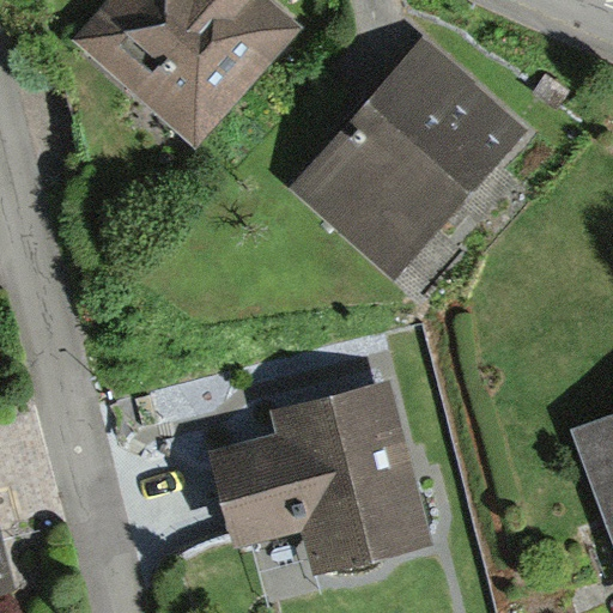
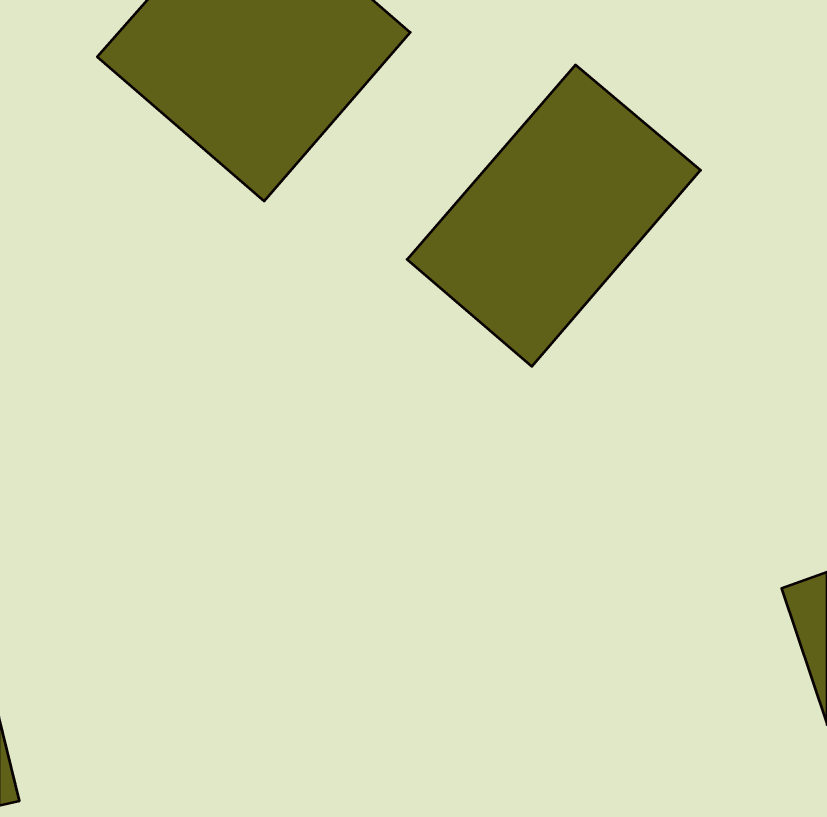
building: [212,381,432,577] -> none

